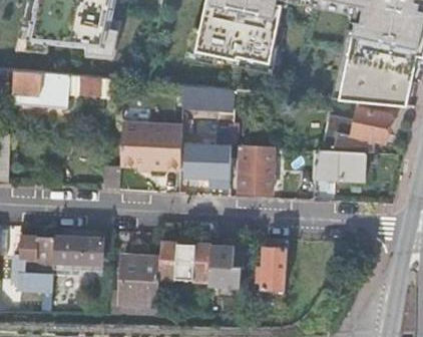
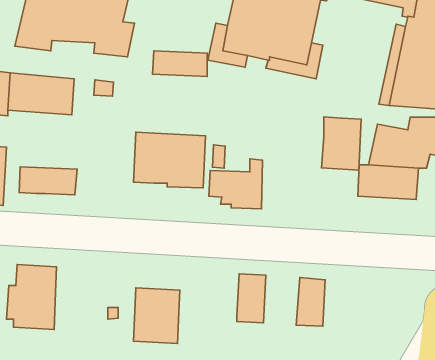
building: [183,83,231,105] -> [153,51,207,76]
building: [239,147,273,194] -> [322,117,361,170]
building: [52,239,102,263] -> [19,167,77,195]
building: [158,243,210,281] -> none

